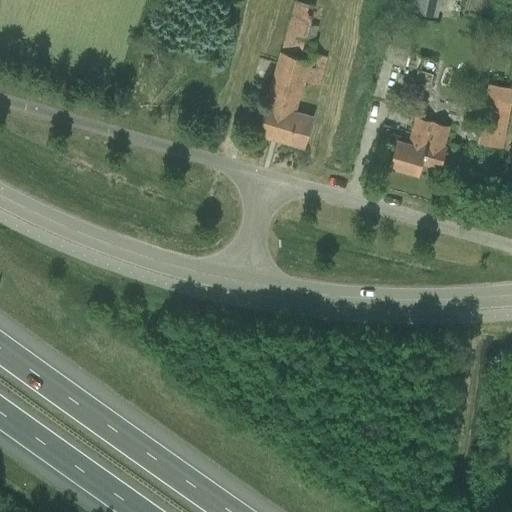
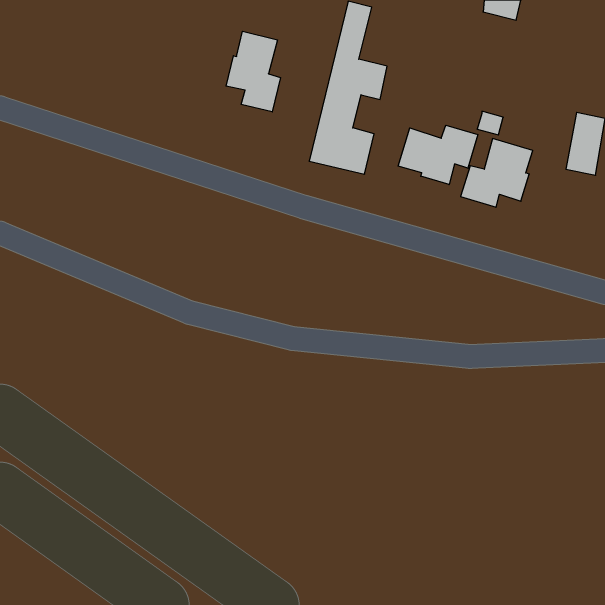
building: none -> [226,31,280,112]
building: none -> [398,125,478,185]

